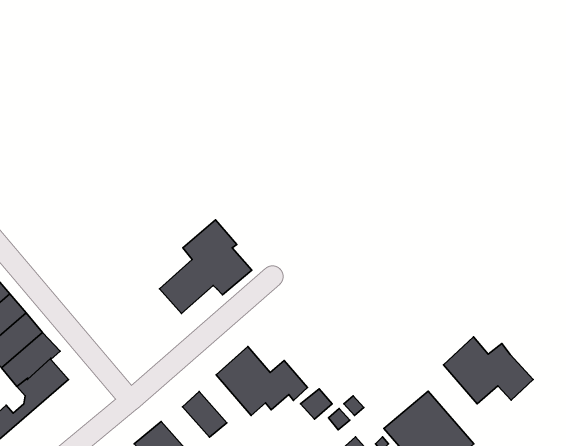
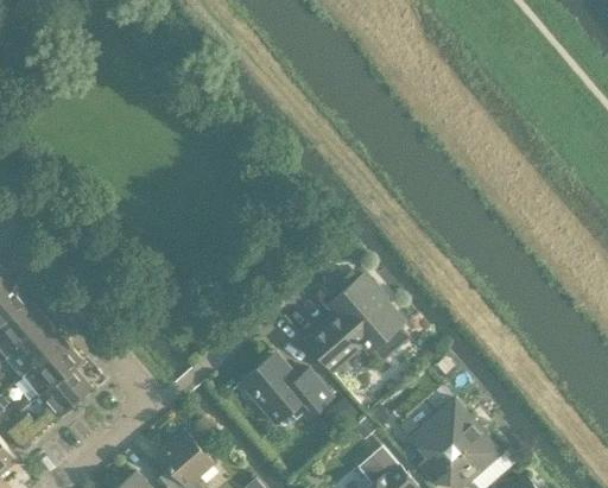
building: [159,220,252,313] -> [306,273,400,368]
building: [444,337,533,404] -> none
building: [182,391,227,437] -> none

